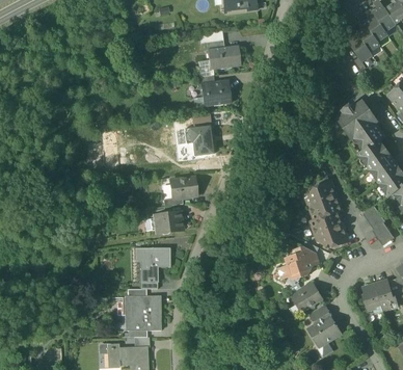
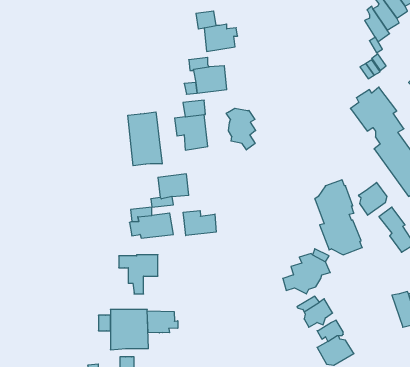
building: none -> [226,108,256,150]
building: none -> [128,112,162,166]
building: none -> [359,182,387,215]
building: none -> [183,211,216,236]
building: [362,283,383,314] -> none
building: none -> [147,311,178,333]

